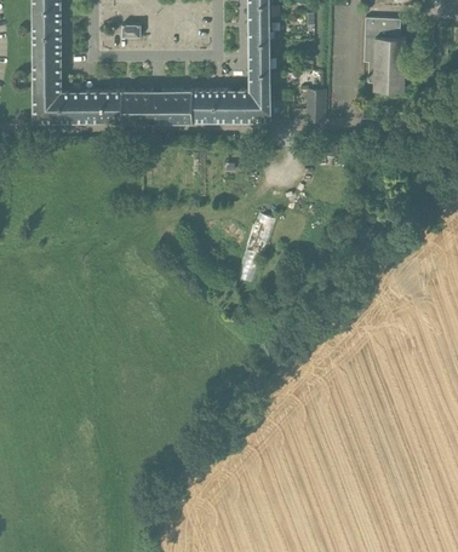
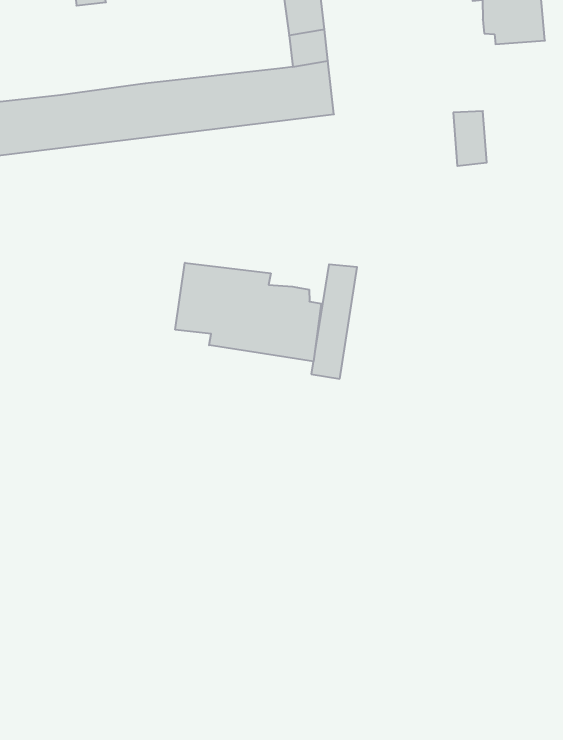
building: [305,87,325,120] -> [453,111,487,166]
building: none -> [175,263,321,361]

